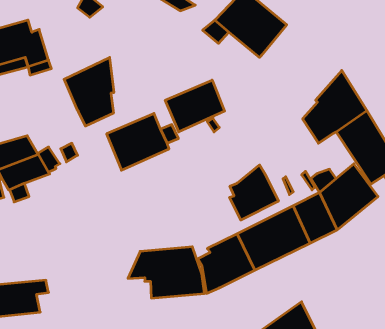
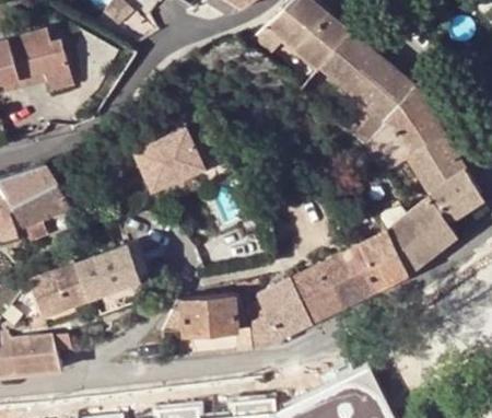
building: none -> [319,33,413,143]
building: [64,57,114,126] -> none
building: [165,80,225,132] -> none
building: [230,165,278,220] -> none
building: none -> [28,242,140,314]

